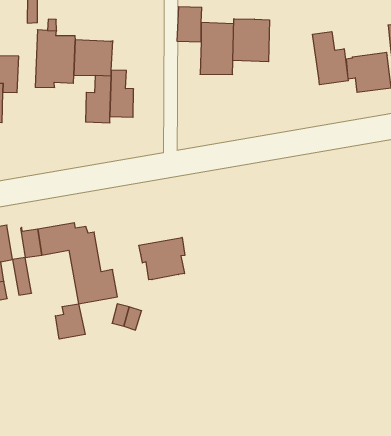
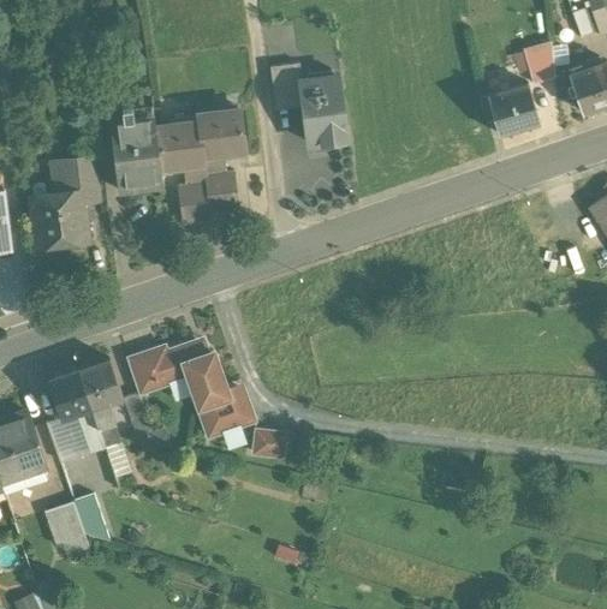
building: [233,19,269,62] -> none
building: [313,32,348,85] -> none
building: none -> [196,108,245,155]
building: [139,237,185,280] -> none
building: [55,304,85,339] -> none

